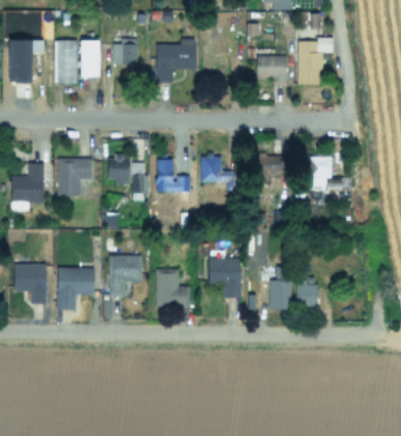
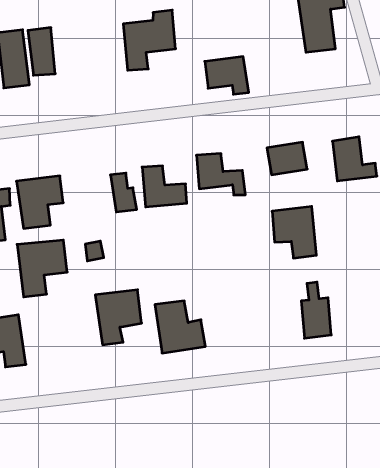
building: [114,39,137,64] -> none
building: [256,56,287,85] -> [205,57,249,94]
building: [107,156,130,184] -> none
building: [209,259,241,298] -> [272,206,316,258]
building: [57,268,94,310] -> [17,240,67,297]
building: [296,278,317,307] -> none

